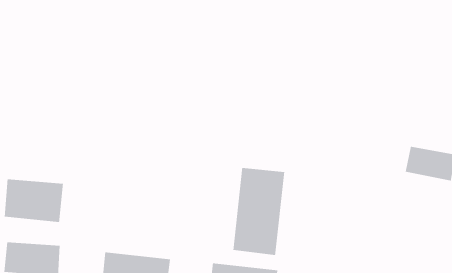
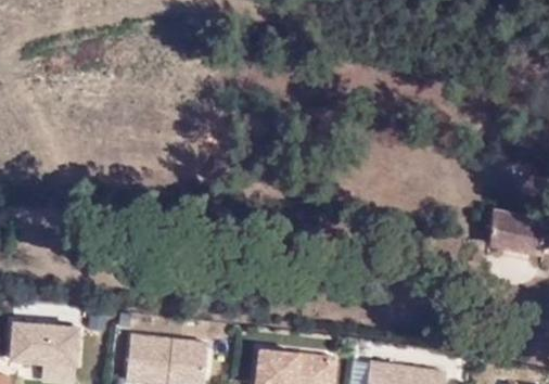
building: [233,167,285,256] -> none
building: [4,178,64,223] -> none

